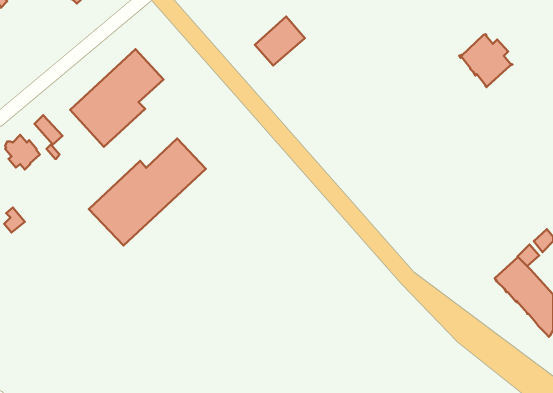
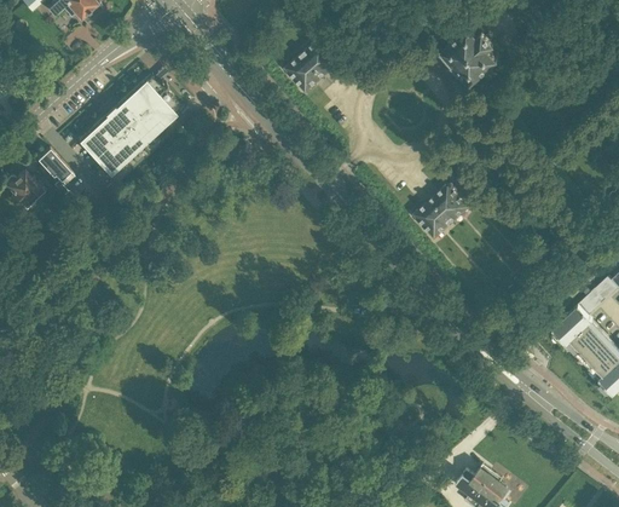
building: [459,34,512,87] -> [438,28,497,87]
building: [89,138,206,245] -> none
building: none -> [412,184,468,238]

